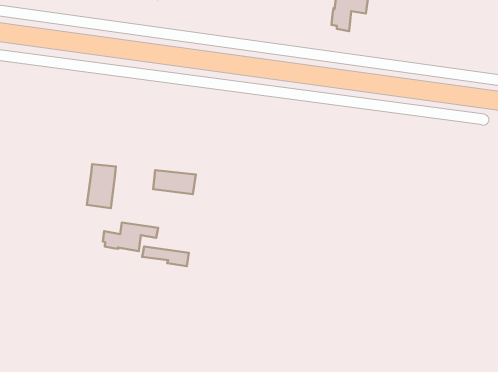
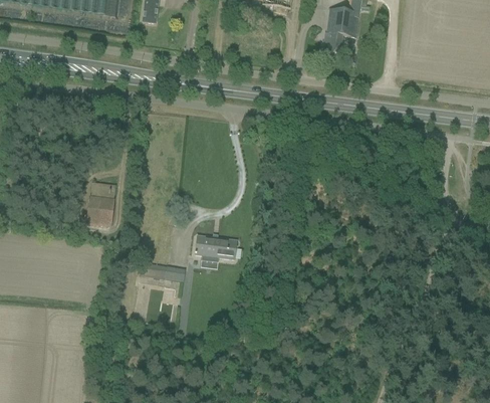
building: [153,170,196,194] -> [195,235,236,258]
building: [103,222,158,251] -> none

